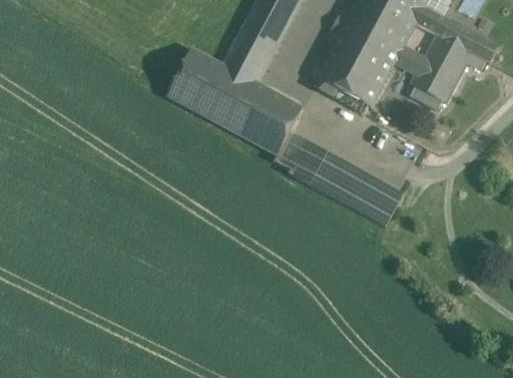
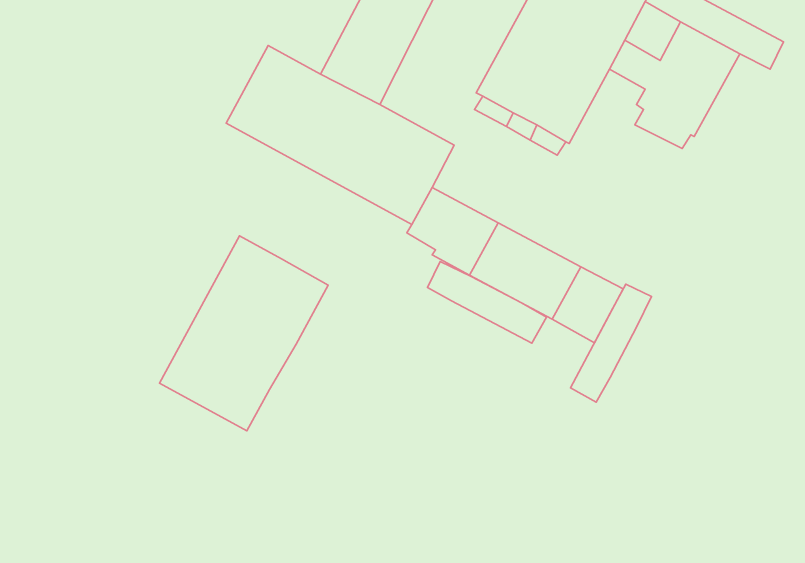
building: none -> [159,236,328,431]
building: none -> [427,261,546,343]
building: none -> [570,284,652,402]

